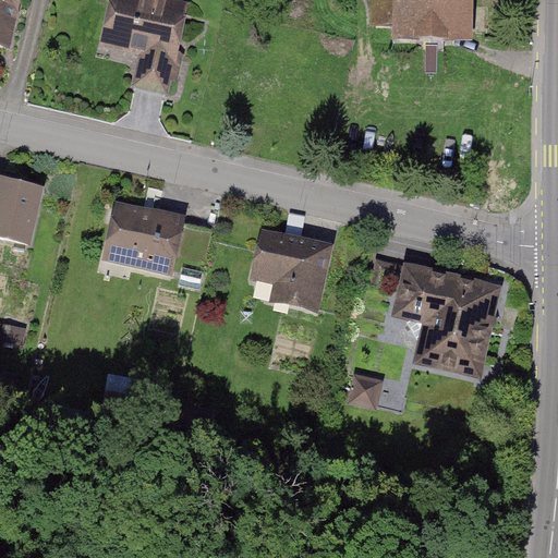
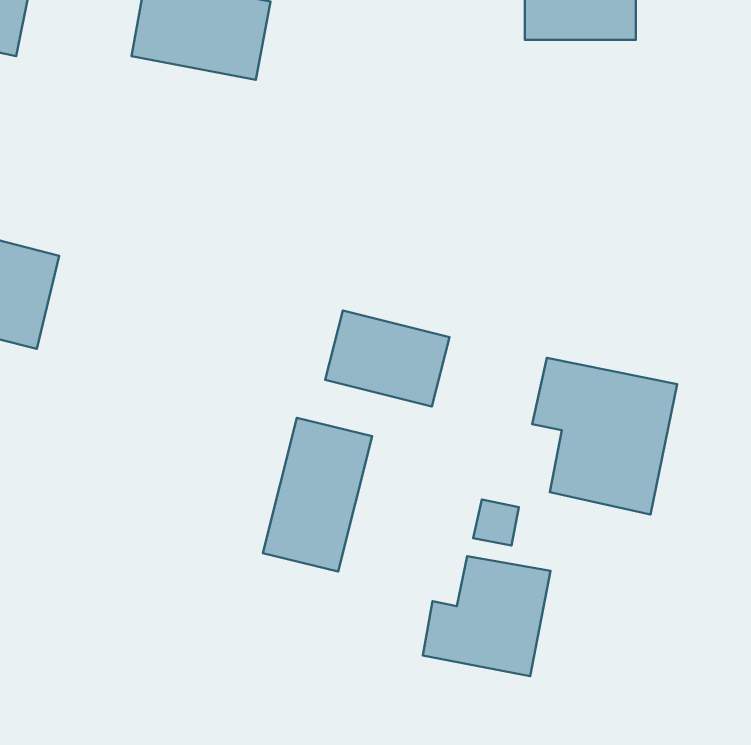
building: [100,196,202,272] -> none
building: none -> [263,418,372,572]
building: none -> [423,556,550,676]

